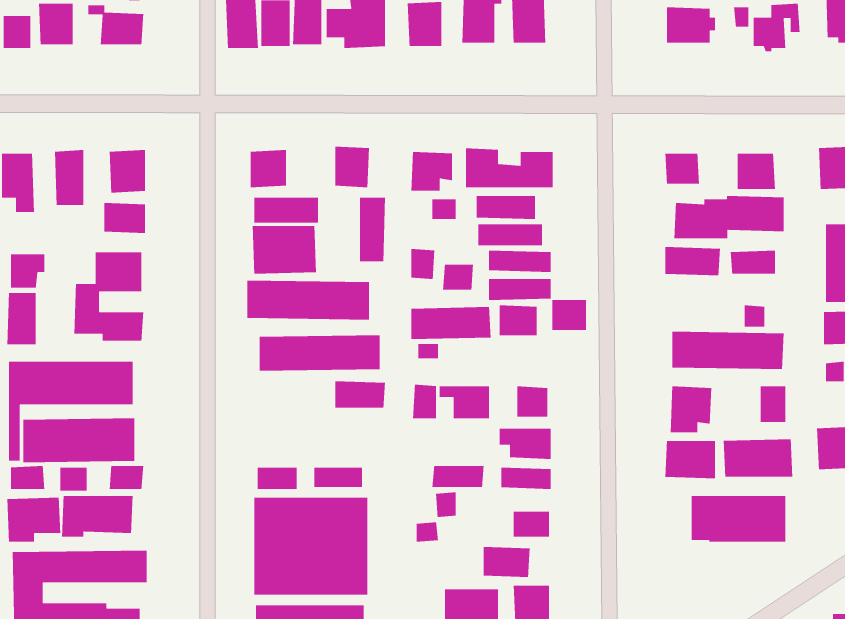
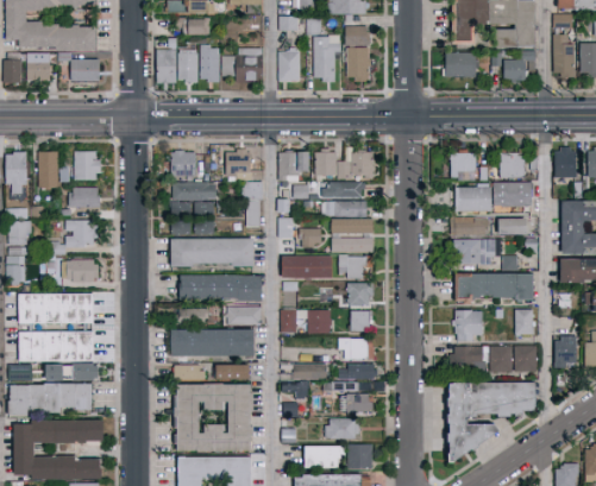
building: none -> [453,238,496,264]
building: [552,299,587,331] -> [349,283,372,304]
building: none -> [171,329,252,355]
building: none -> [441,384,497,459]

